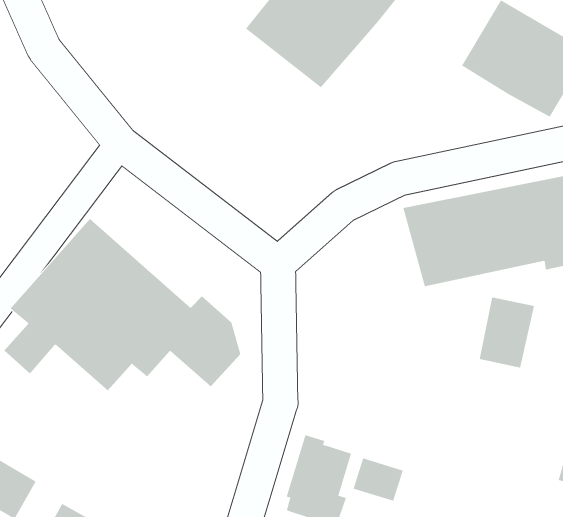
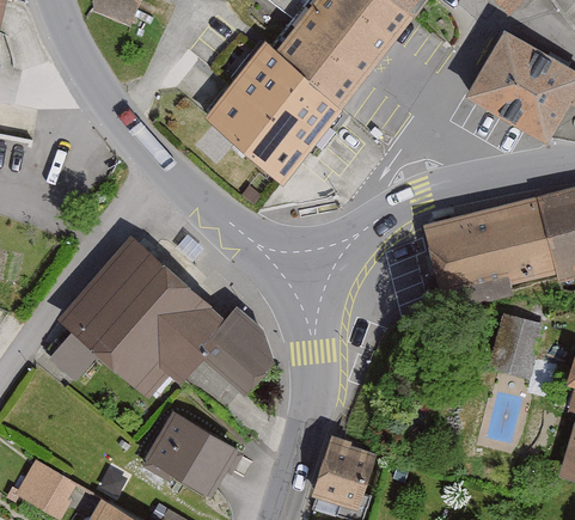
building: none -> [200,45,345,190]
building: none -> [143,412,232,495]
building: [353,458,403,502] -> none

